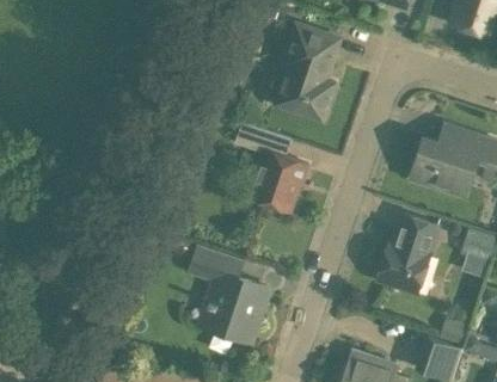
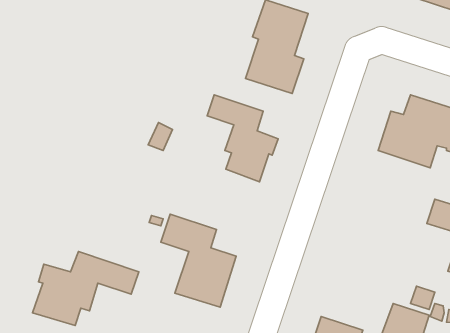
building: [376,215,437,294] -> none
building: none -> [32,252,139,326]

